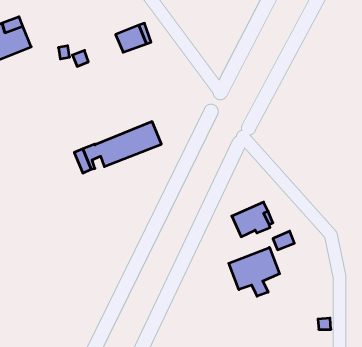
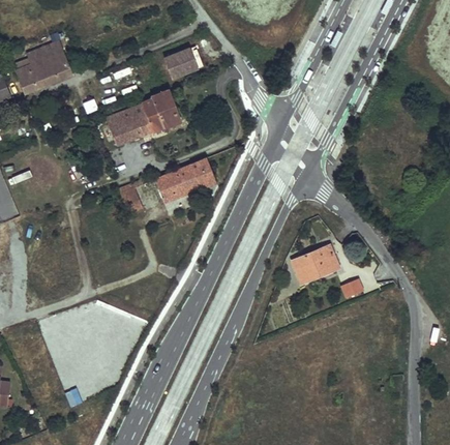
building: none -> [108,91,179,142]
building: [229,247,280,296] -> none

